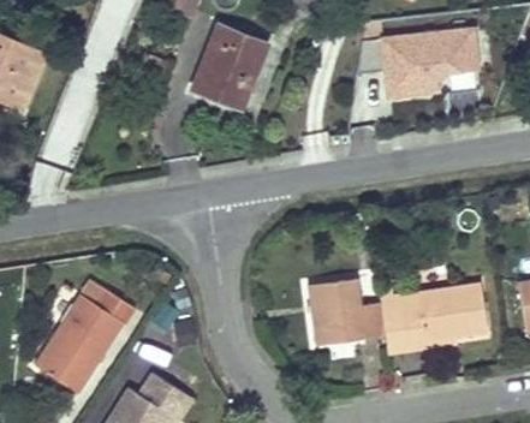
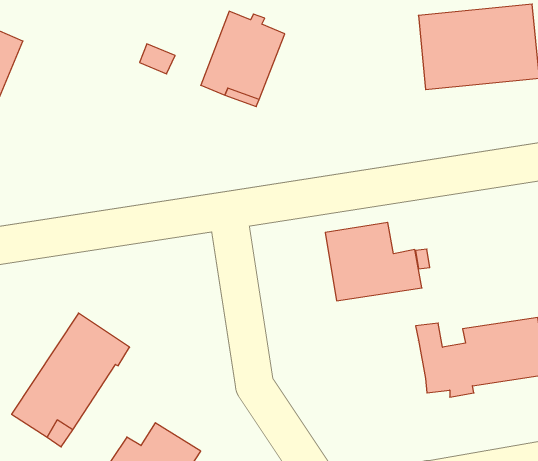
building: [302,282,383,348] -> [325,222,422,301]

